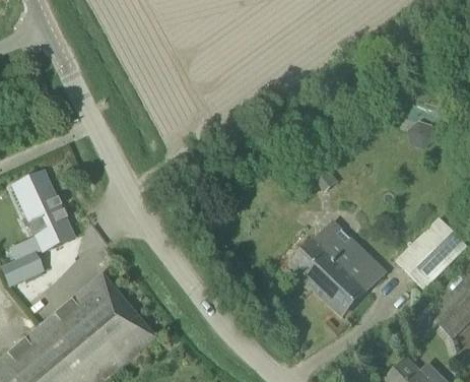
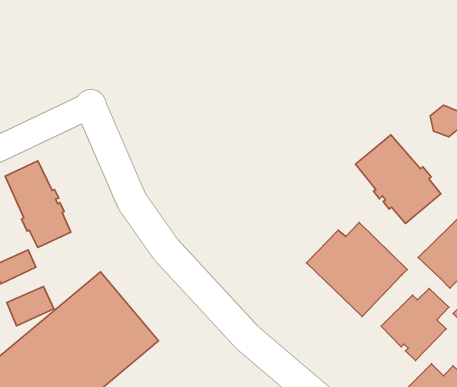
building: none -> [356,135,441,223]
building: none -> [7,286,54,326]
building: none -> [381,289,449,361]

